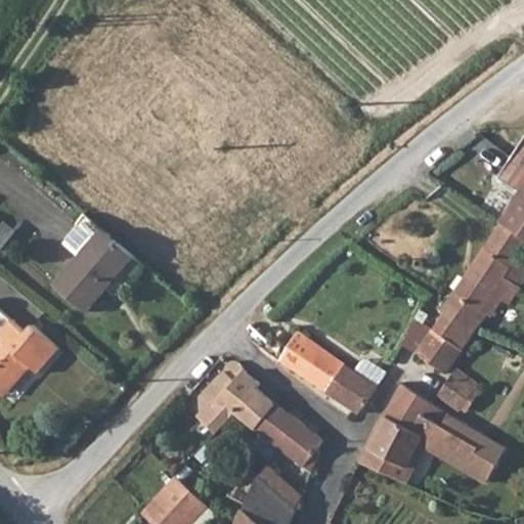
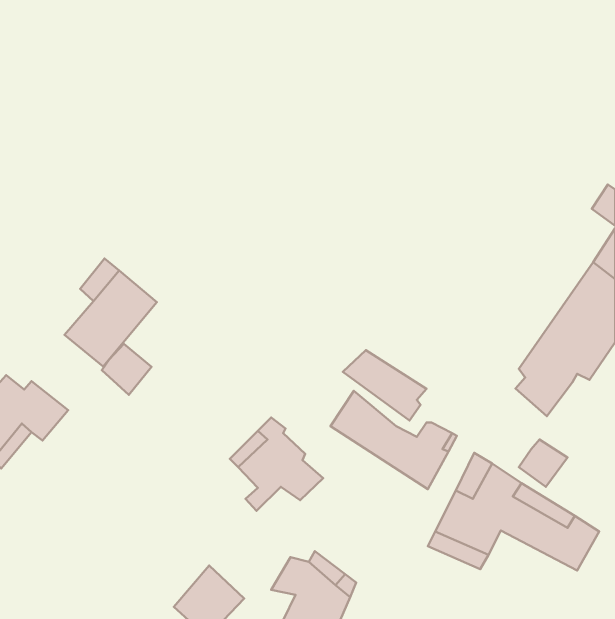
building: none -> [102,344,151,395]
building: [414,329,461,377] -> none
building: [253,404,323,464] -> [343,350,427,420]

